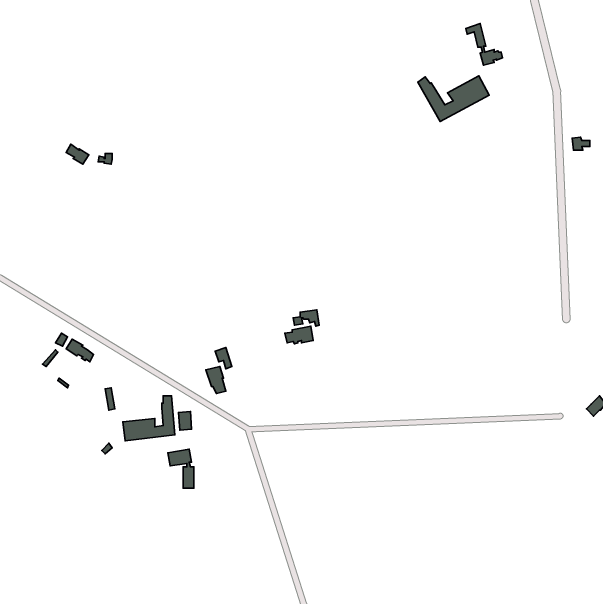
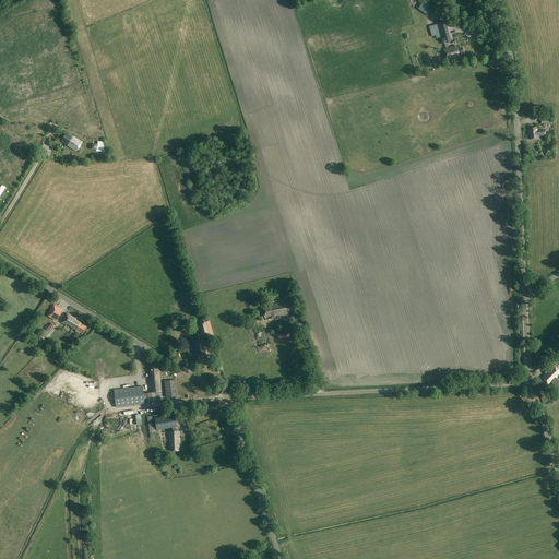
building: [418,76,489,121] -> none

